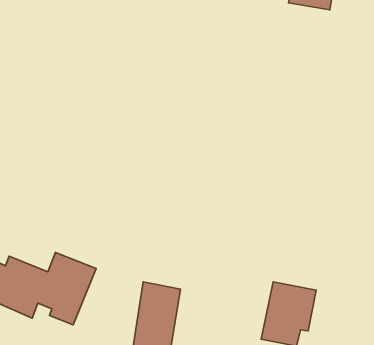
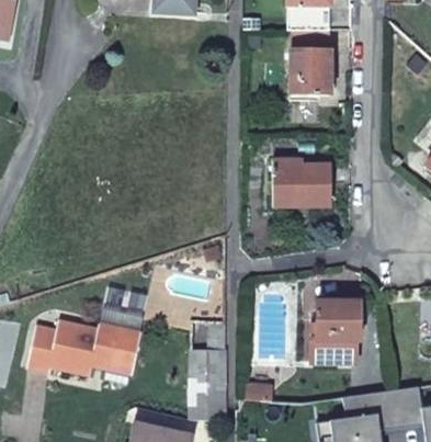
building: none -> [290,50,329,93]
building: none -> [273,160,329,206]

